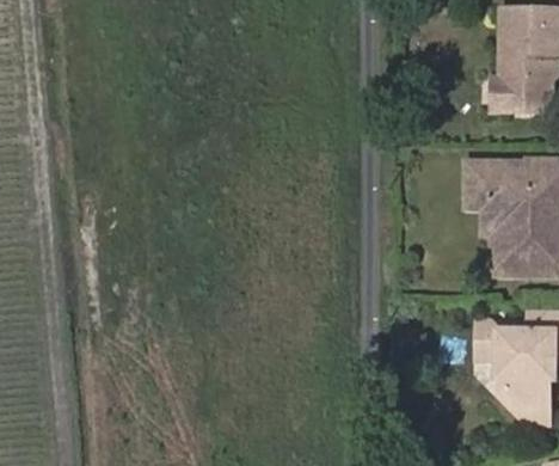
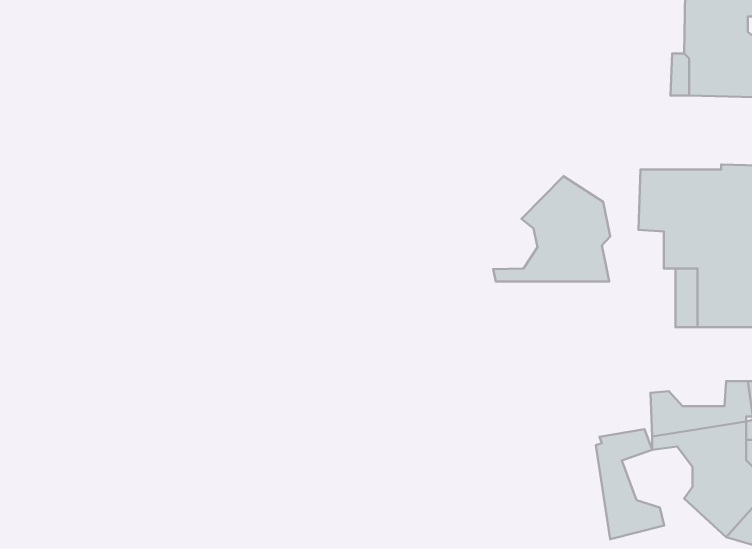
building: none -> [493,176,610,282]
building: none -> [596,429,664,539]

